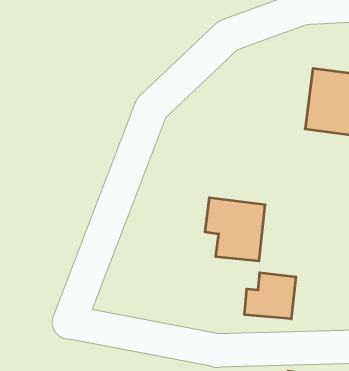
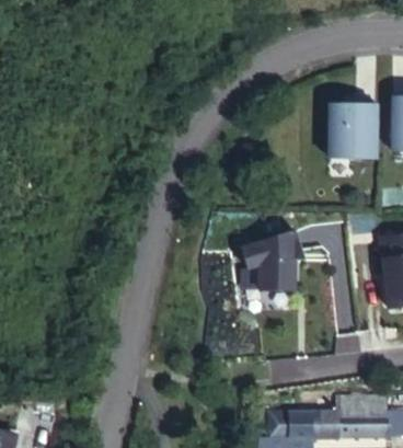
building: [245,273,296,319] -> none

